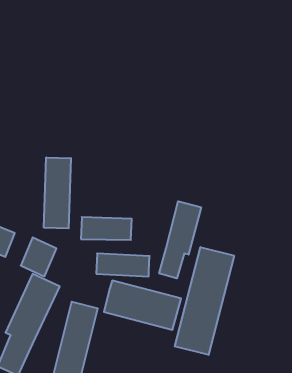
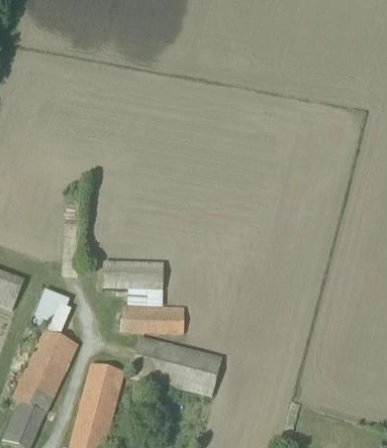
building: [44,157,71,228] -> none
building: [159,201,201,278] -> none
building: [175,247,234,355] -> none

